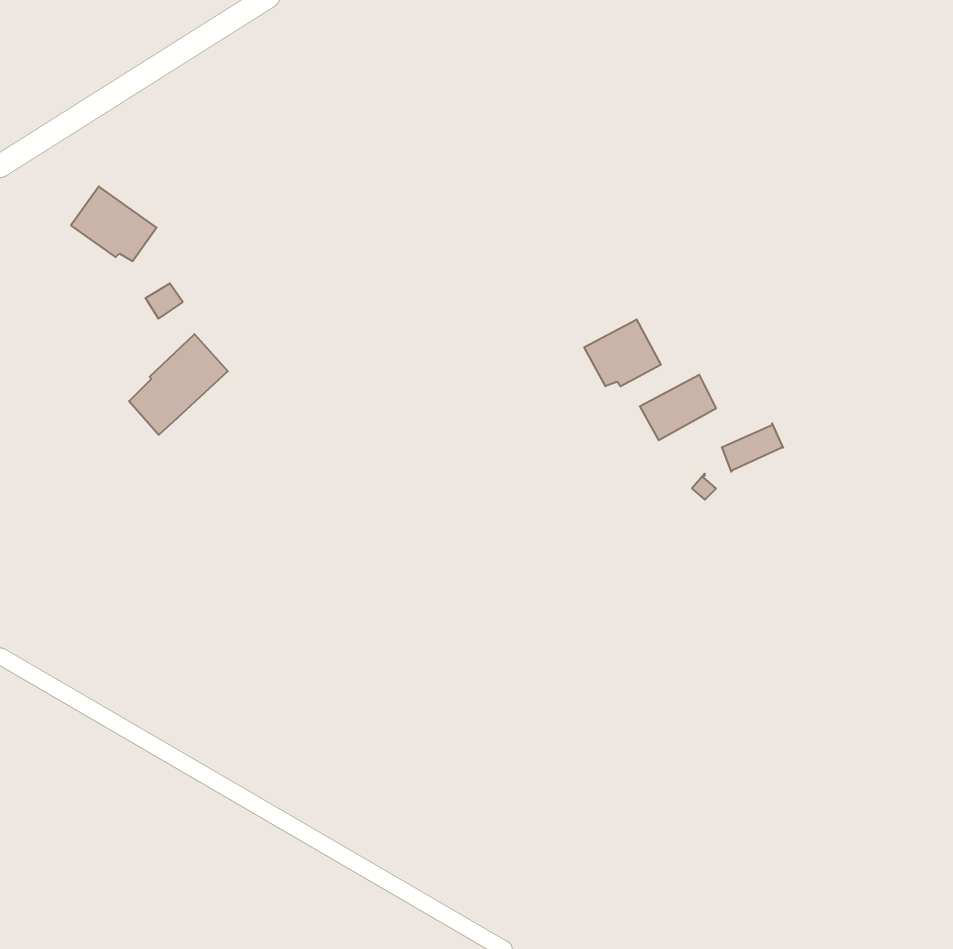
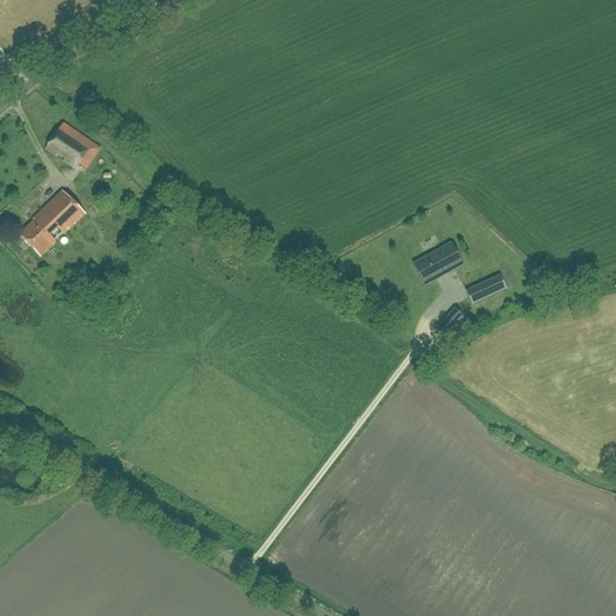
building: [584,319,661,386] -> none
building: [129,334,228,435] -> [20,189,84,254]

